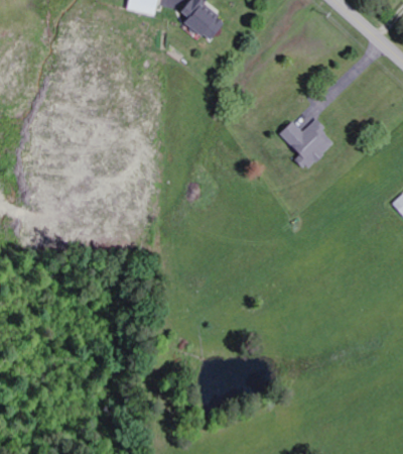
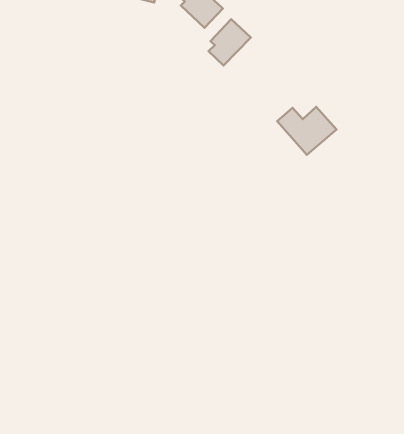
building: none -> [208,19,251,66]

